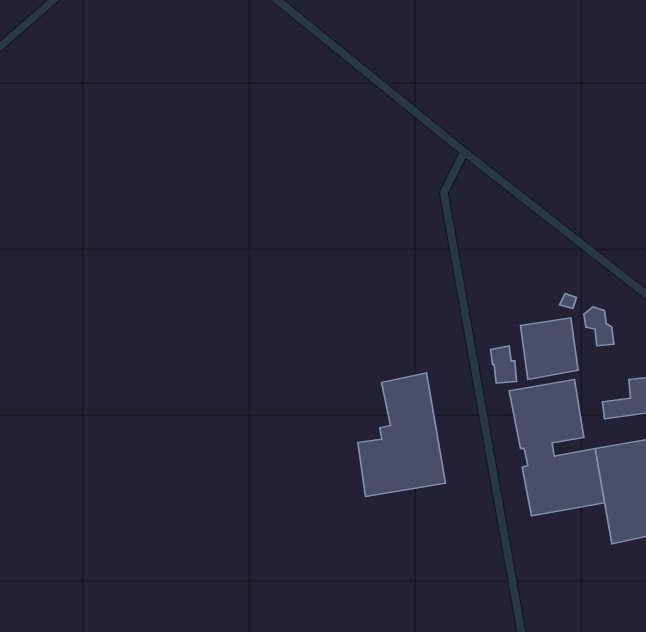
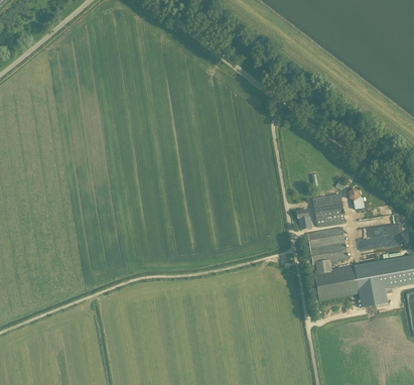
building: [358,373,446,496] -> none

